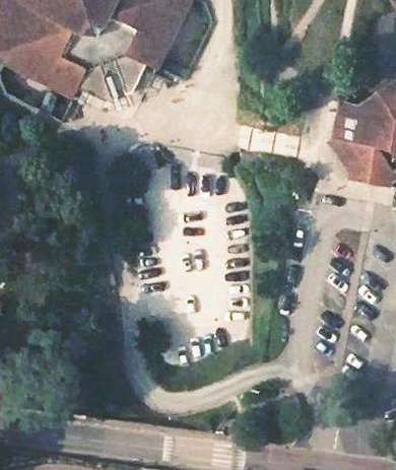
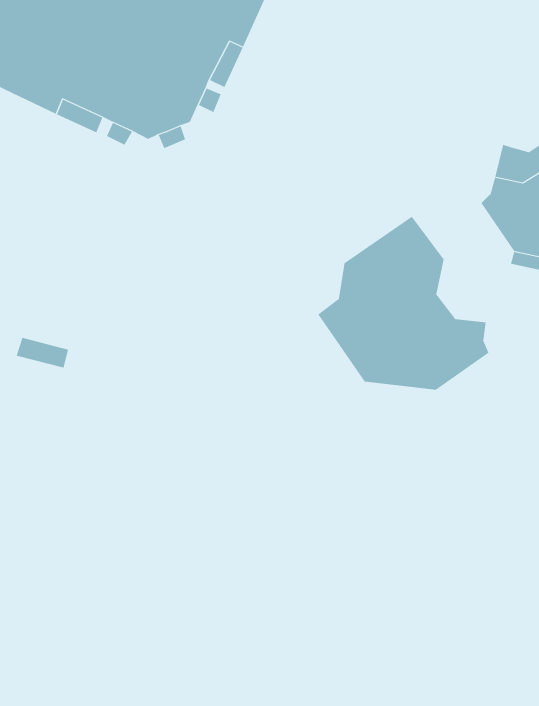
building: none -> [317,216,489,391]

